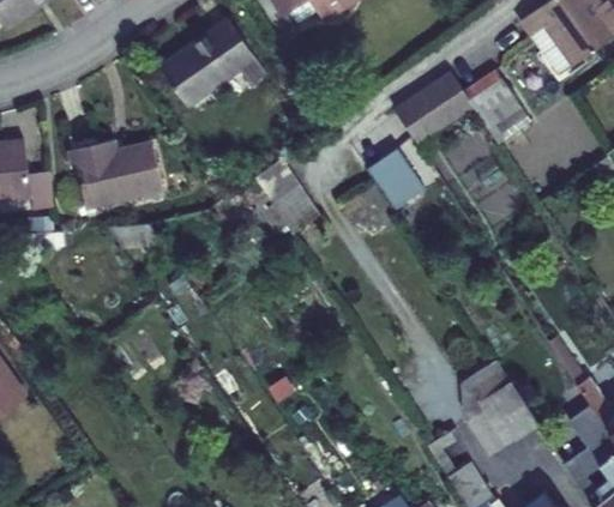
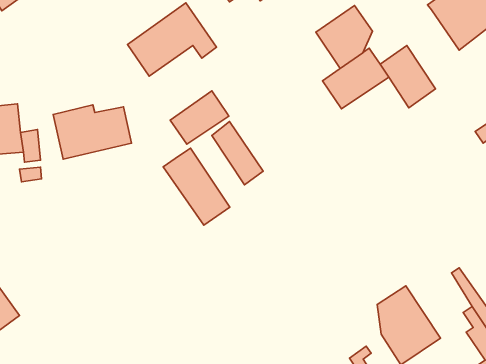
building: none -> [316,5,373,69]
building: none -> [170,91,229,144]
building: [366,143,425,205] -> none
building: none -> [163,148,230,225]

